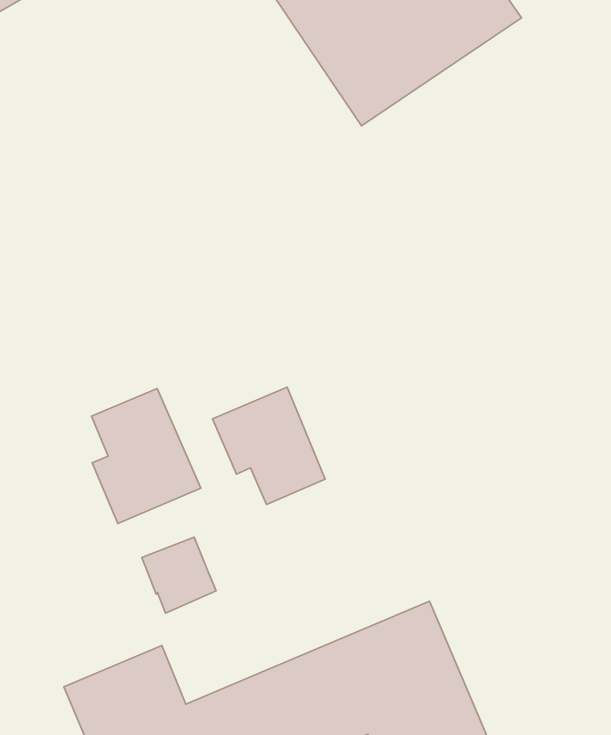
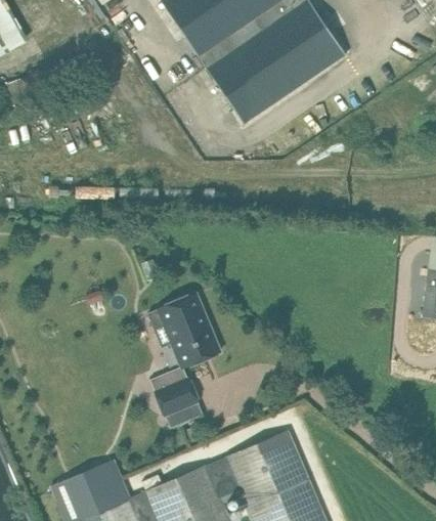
building: [92,389,201,524] -> none
building: [142,537,216,613] -> [155,379,203,428]

